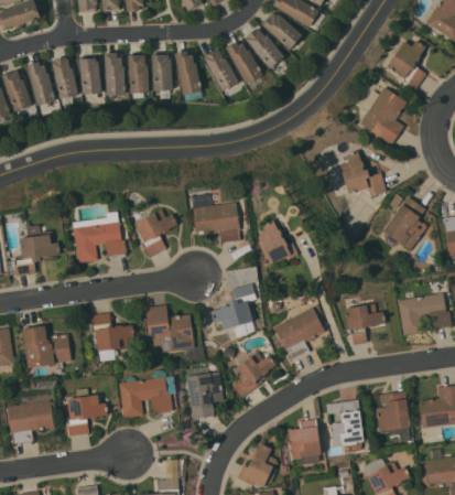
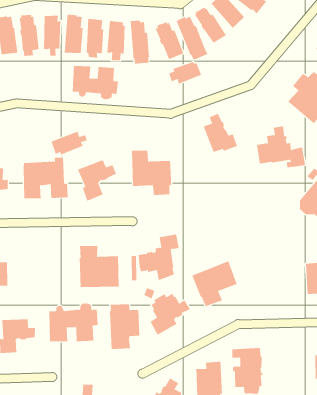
building: none -> [169,61,202,84]
building: none -> [72,65,118,100]
building: none -> [51,131,88,156]
building: [257,220,297,265] -> [203,113,238,152]
building: [344,300,384,345] -> none
building: [88,312,133,362] -> none
building: [375,391,410,439] -> none

